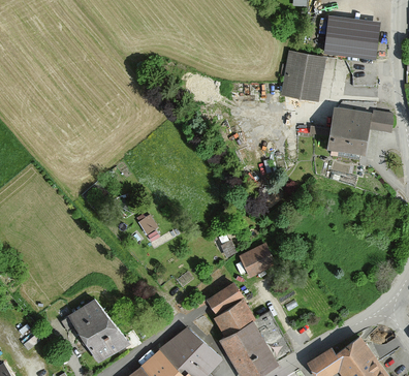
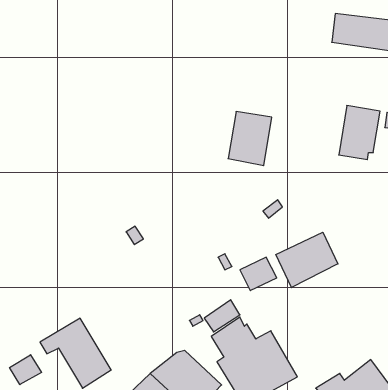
building: [283,52,322,100] -> [228,112,272,166]
building: none -> [276,232,338,288]
building: none -> [10,355,42,385]

